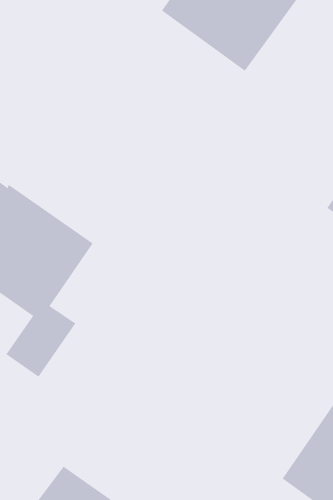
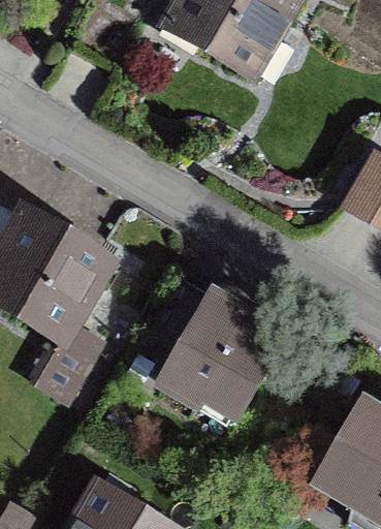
building: none -> [126,280,276,416]

